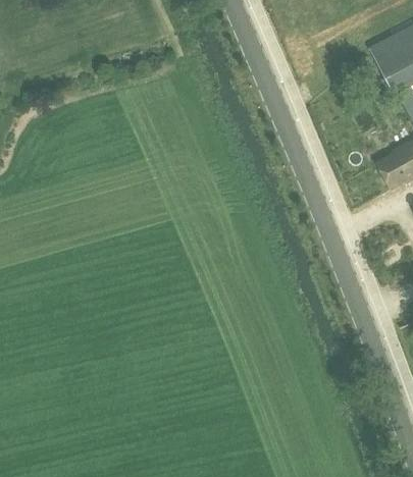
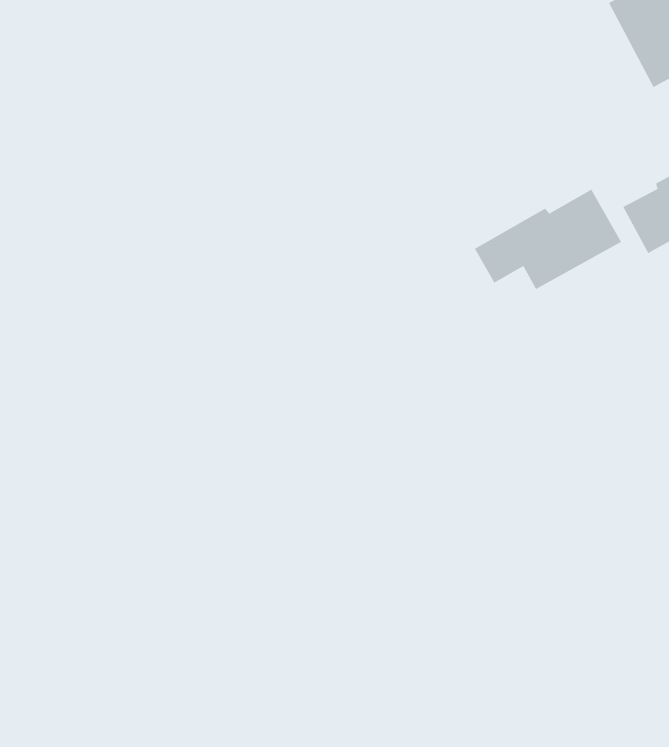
building: none -> [474,189,622,290]

